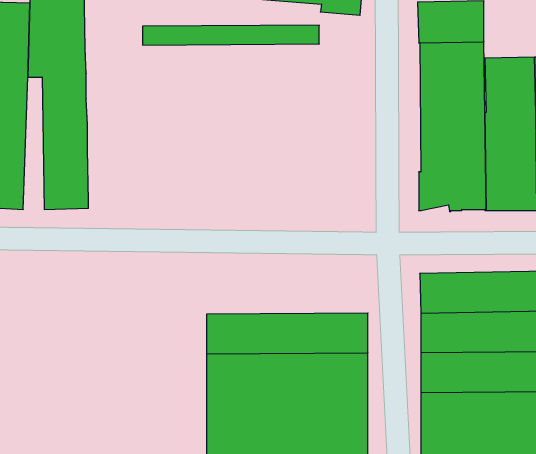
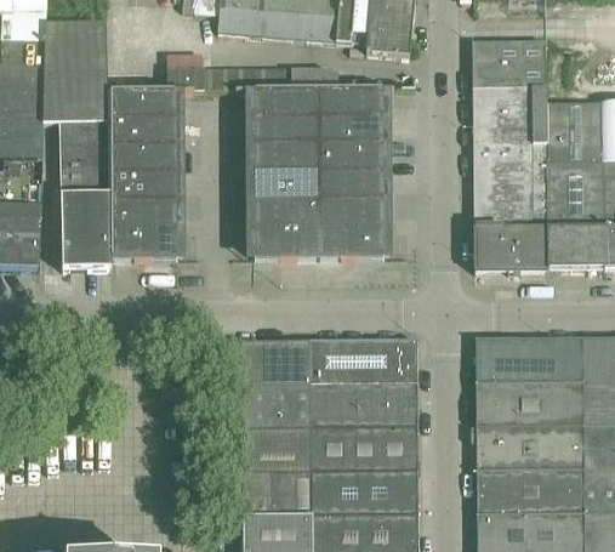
building: none -> [246,89,391,257]
building: none -> [107,91,183,258]
building: none -> [240,338,417,383]

